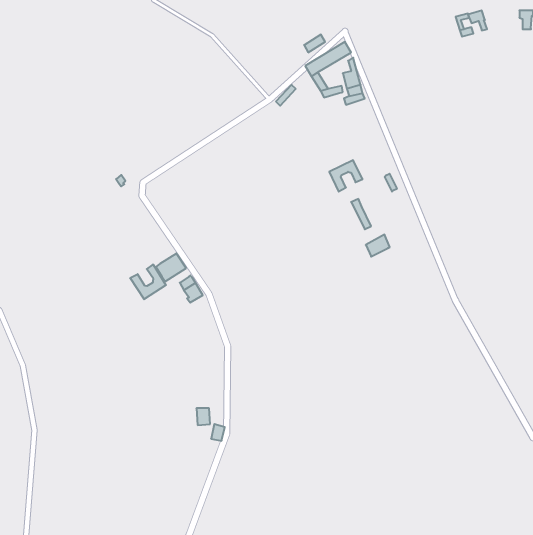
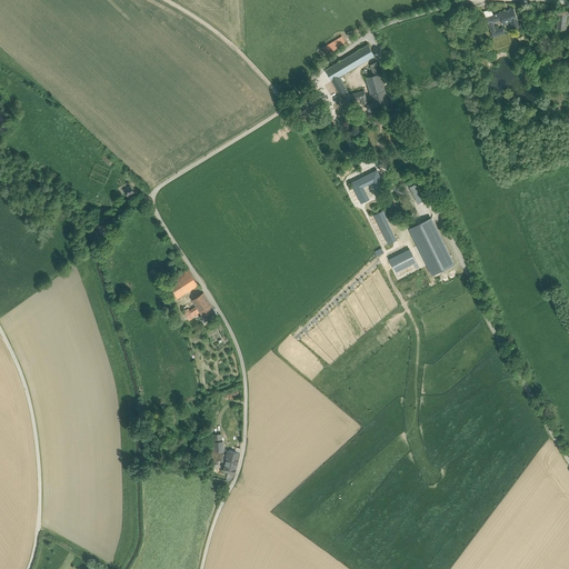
building: none -> [409,218,452,274]
building: [130,264,166,299] -> none

